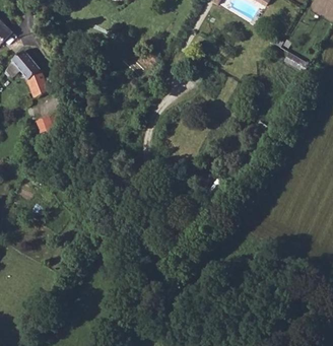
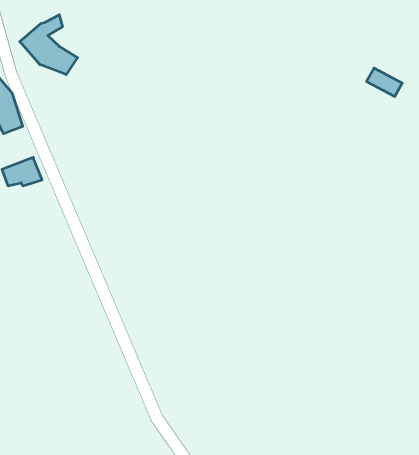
building: none -> [20,15,78,75]

